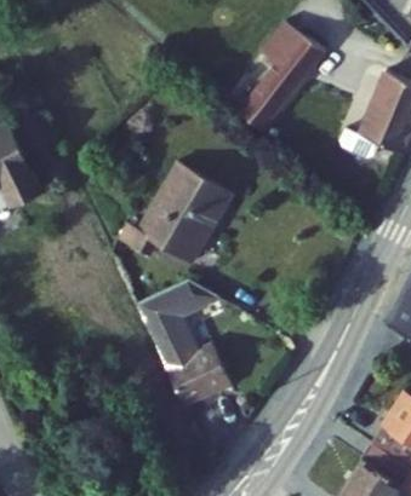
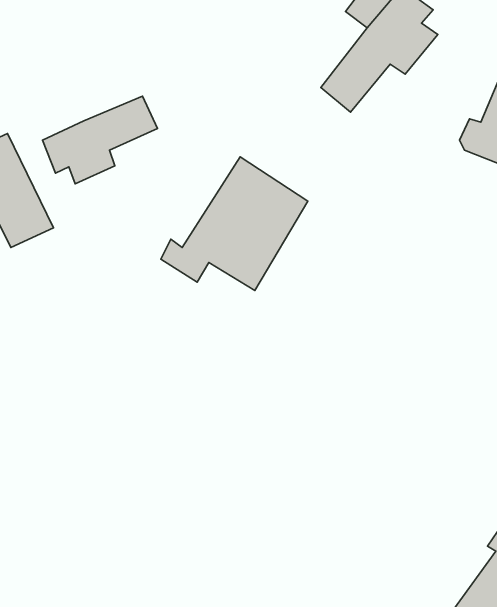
building: none -> [42,96,157,184]
building: [139,286,235,408] -> none

